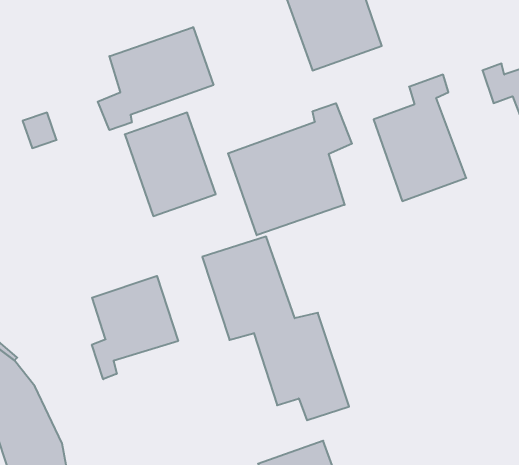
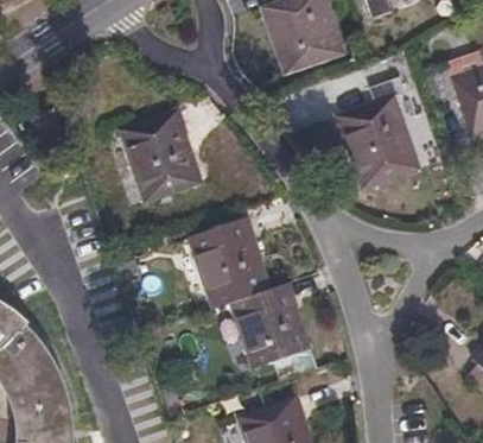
building: [98,27,213,130] -> none
building: [228,103,352,235] -> none
building: [92,276,178,379] -> none

